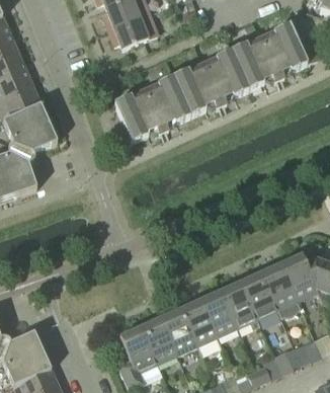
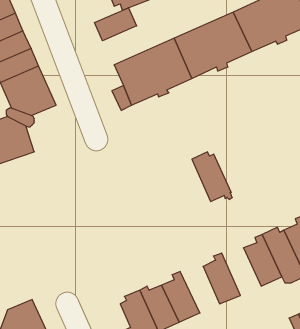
building: none -> [94,8,137,41]
building: [219,280,258,328] -> [192,152,232,202]
building: [178,300,222,356] -> none

